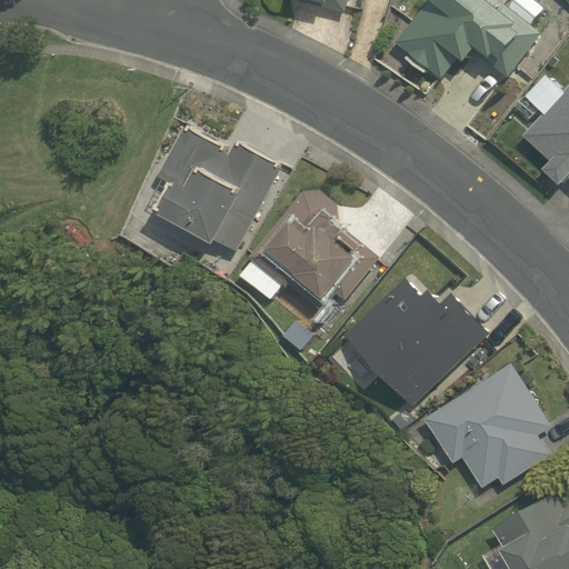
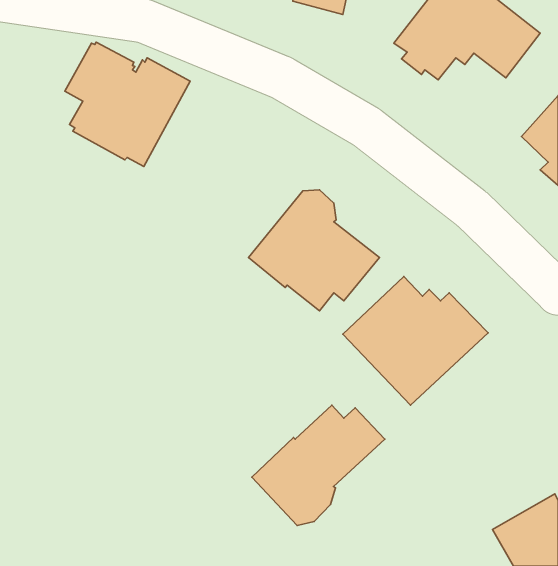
building: [157,127,282,251] -> [65,42,190,167]
building: [423,363,552,489] -> none
building: none -> [252,405,385,525]

